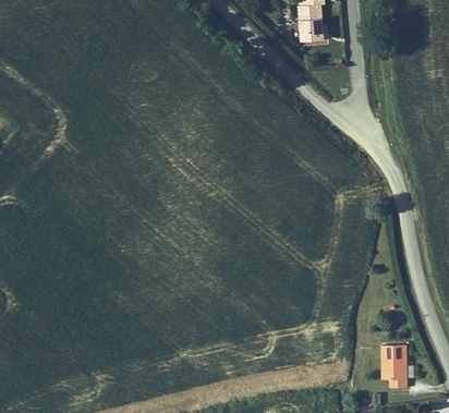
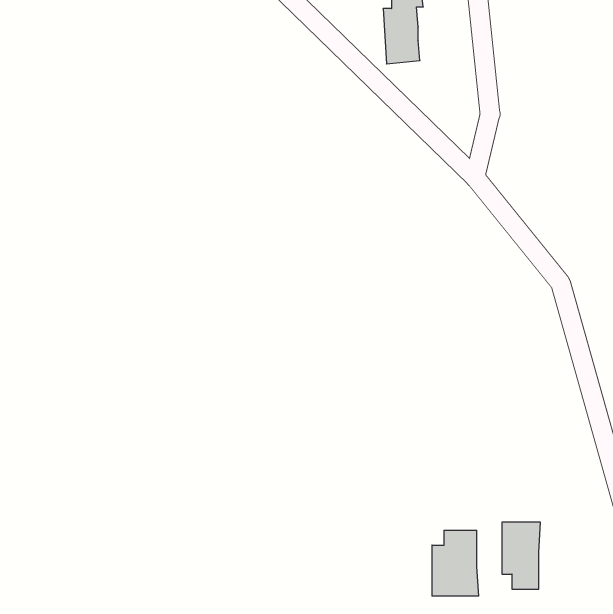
building: none -> [432,530,479,596]

